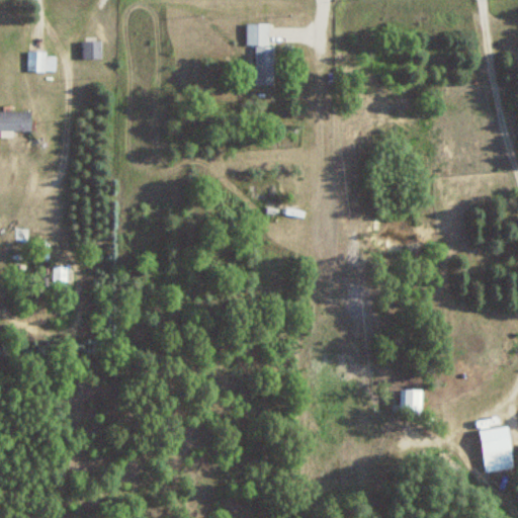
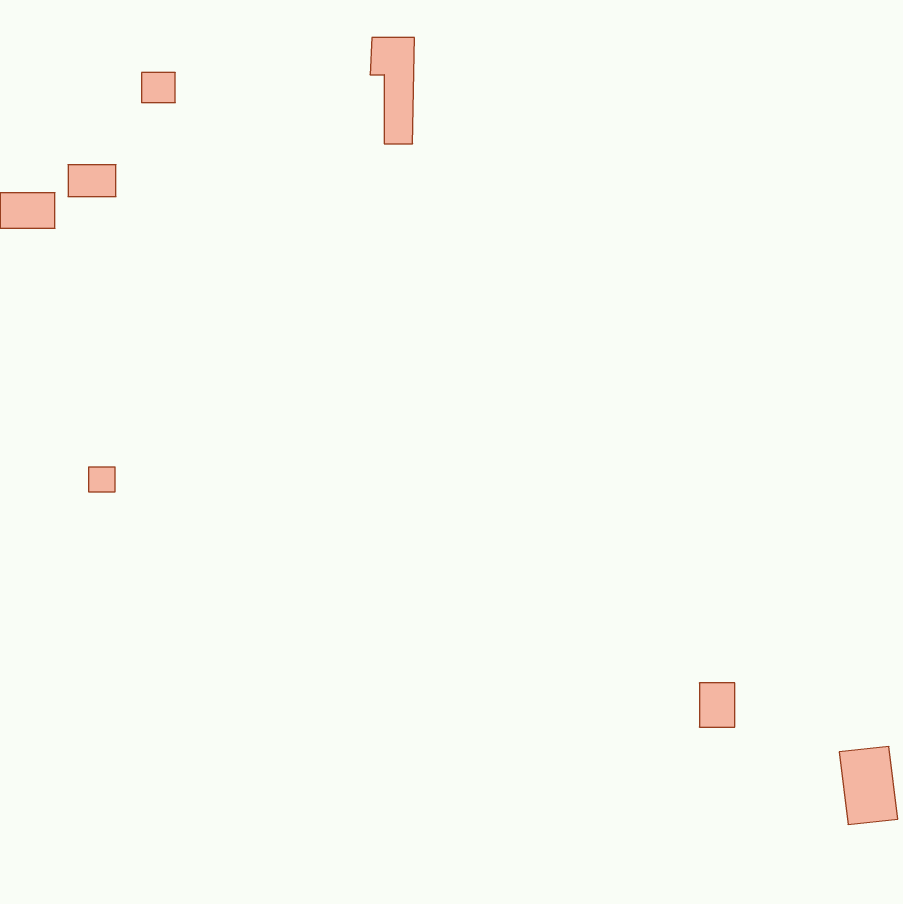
building: [247,24,272,85] -> [370,38,414,144]
building: [27,53,55,71] -> [68,165,116,197]

